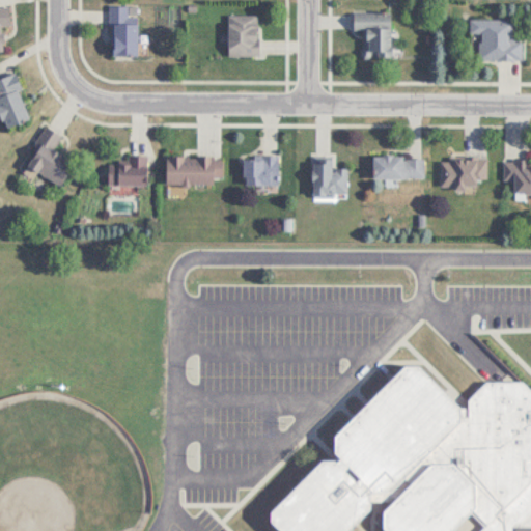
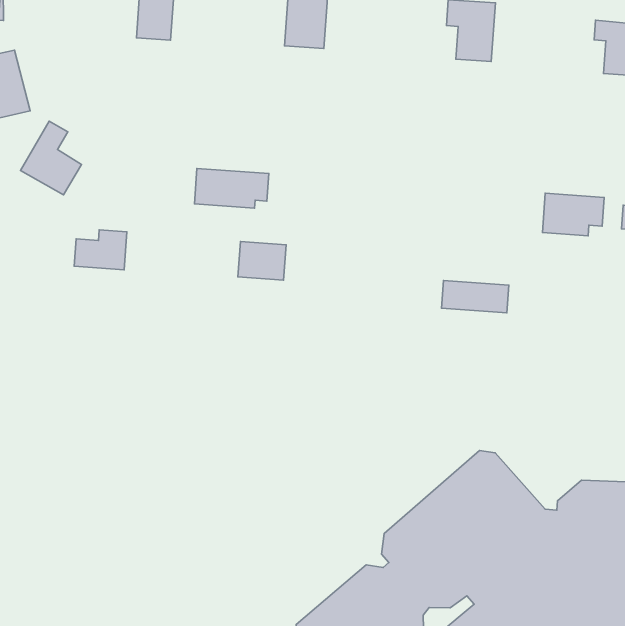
building: [108,157,147,187] -> [74,230,127,270]
building: [243,159,279,187] -> [238,242,286,280]
building: [372,159,424,180] -> [441,281,509,313]
building: [312,160,347,198] -> none

